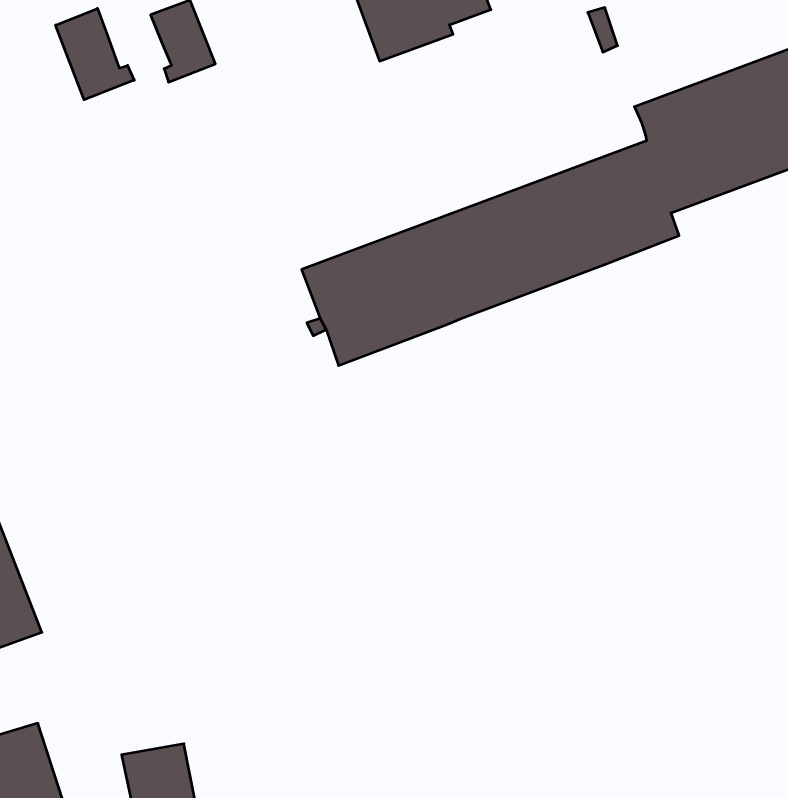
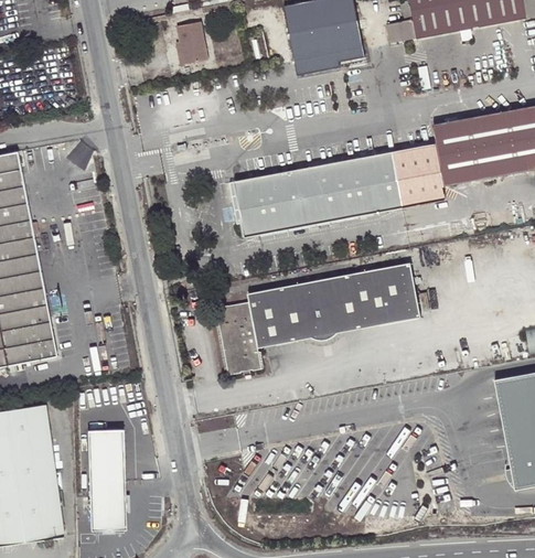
building: [56,8,134,100] -> none
building: none -> [216,262,419,375]

